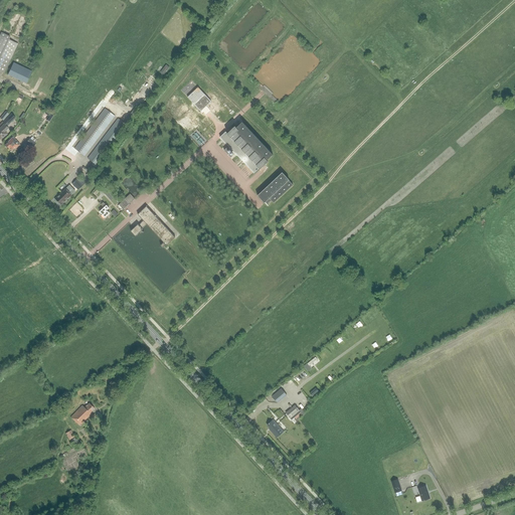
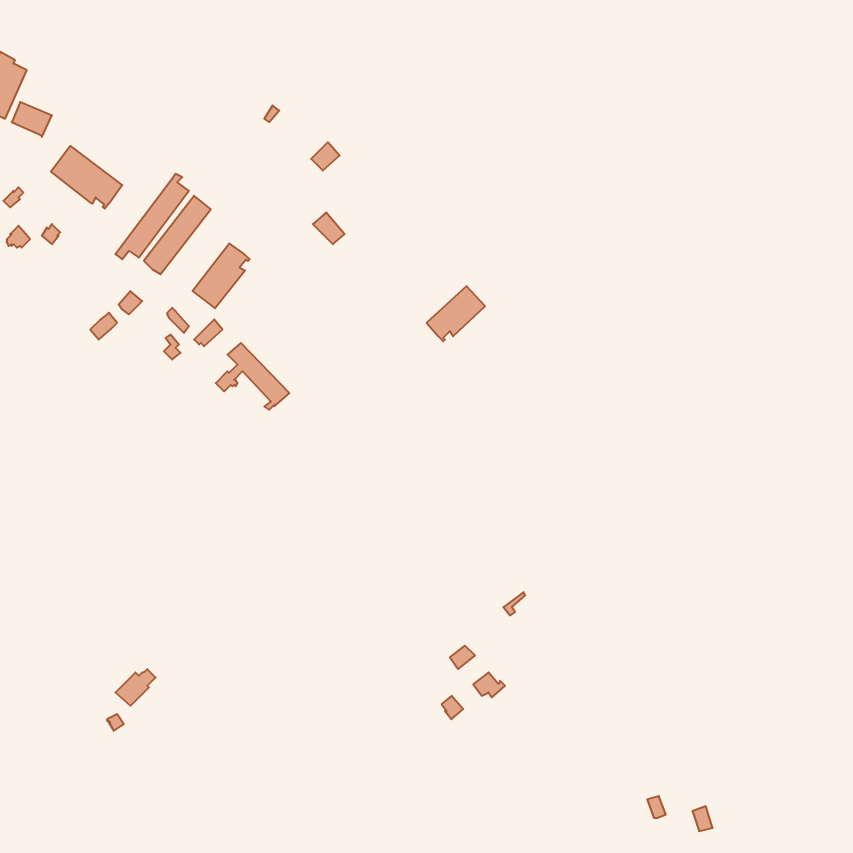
building: none -> [51,146,122,209]
building: [219,122,272,172] -> none
building: none -> [193,243,250,308]

